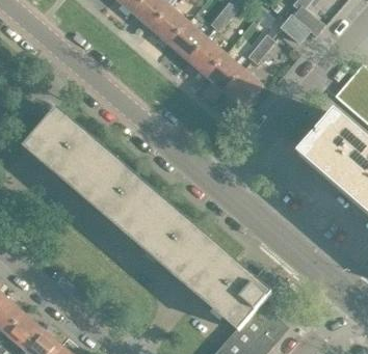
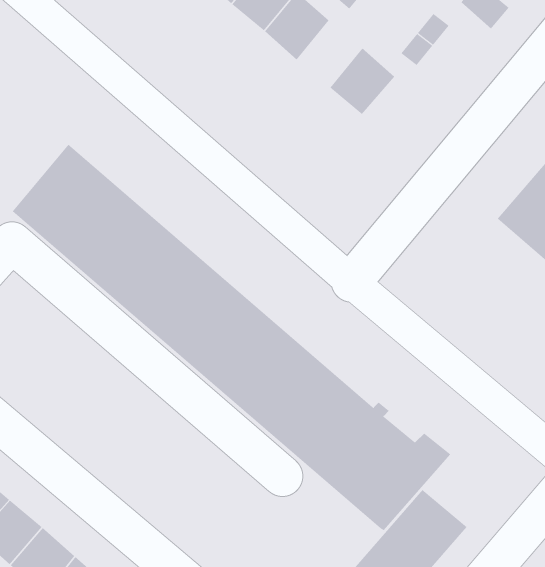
building: [188,38,226,77] -> none
building: [226,71,263,109] -> none

